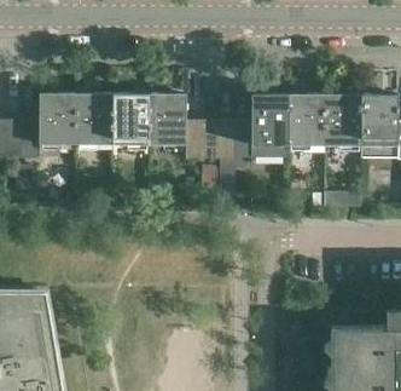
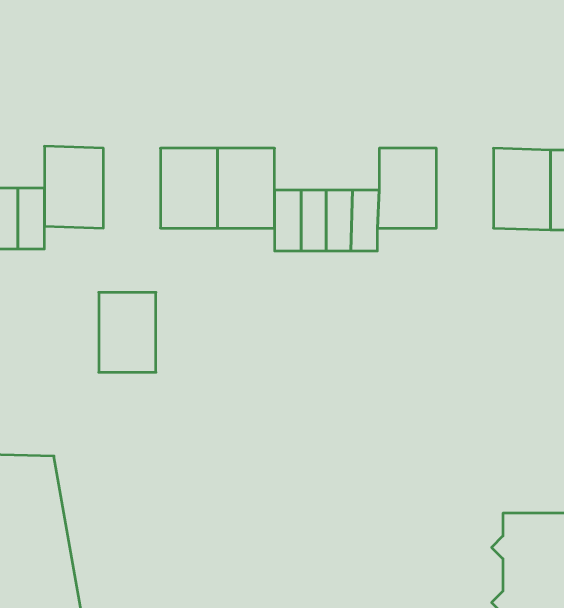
building: [76,96,112,146] -> [99,292,156,372]
building: [287,96,324,146] -> none

